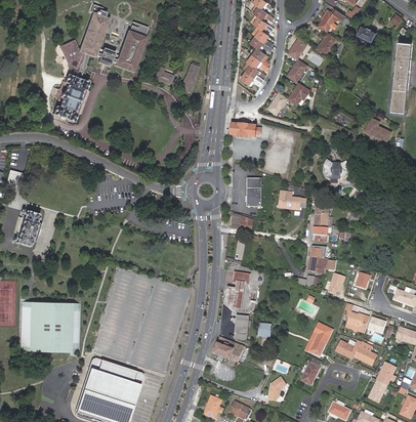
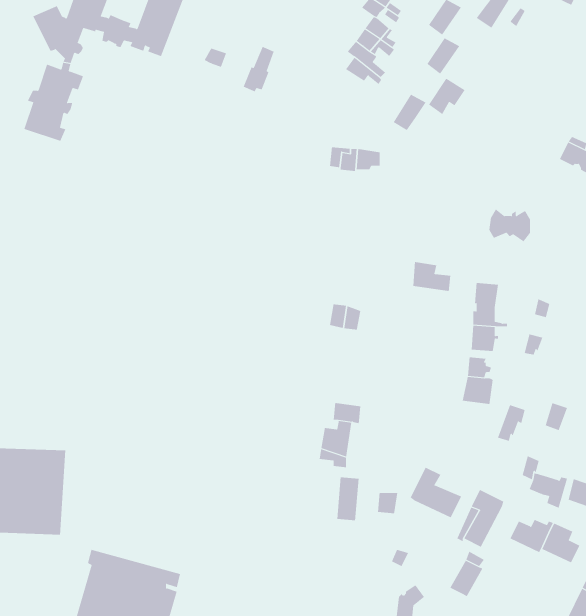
building: [247,177,261,206] -> none
building: none -> [410,467,462,518]
building: [213,336,244,362] -> none

